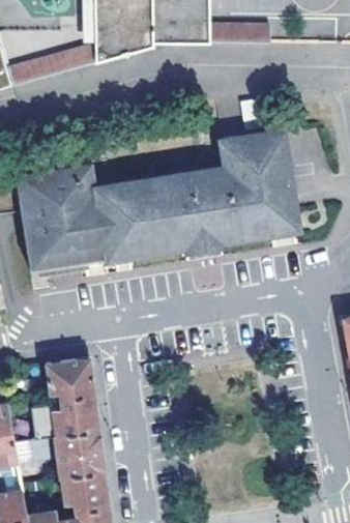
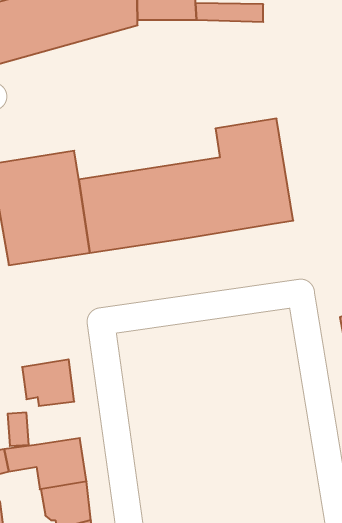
building: [53,397,97,437] -> none

